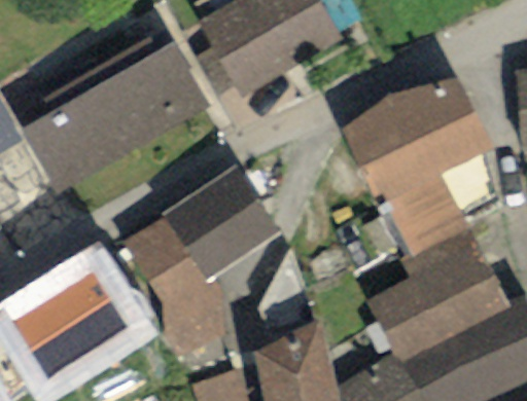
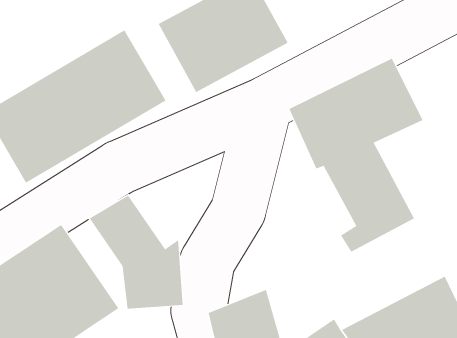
building: [161,159,278,275] -> none
building: [364,242,511,363] -> none

